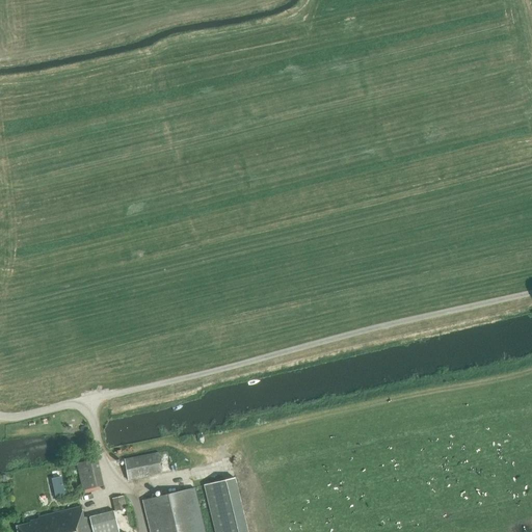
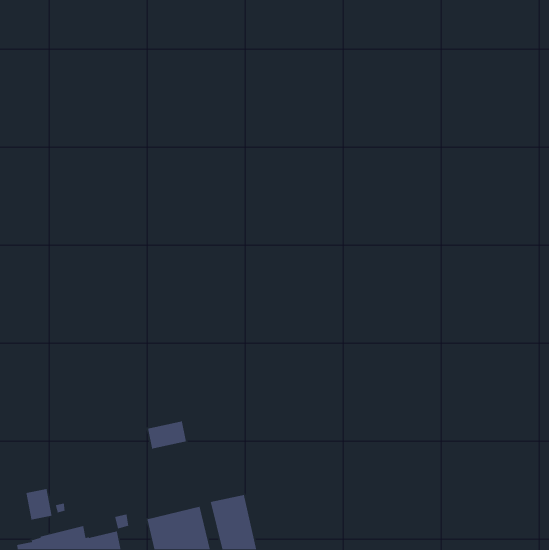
building: [123,452,161,480] -> [147,420,187,450]
building: [77,459,103,490] -> [26,488,52,520]

